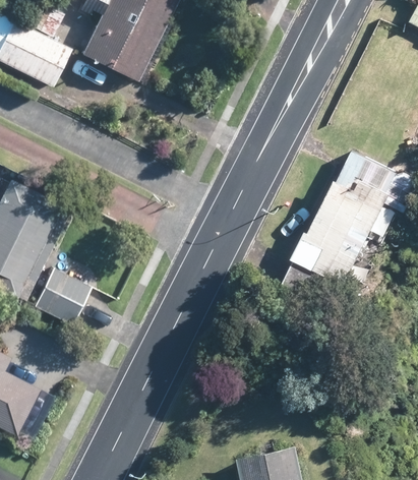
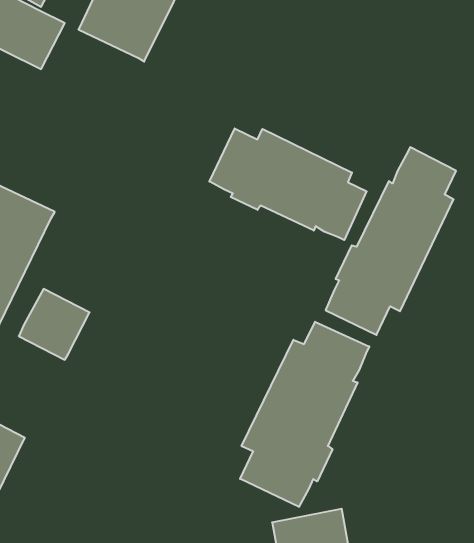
building: none -> [209,128,367,240]
building: none -> [240,322,369,507]

